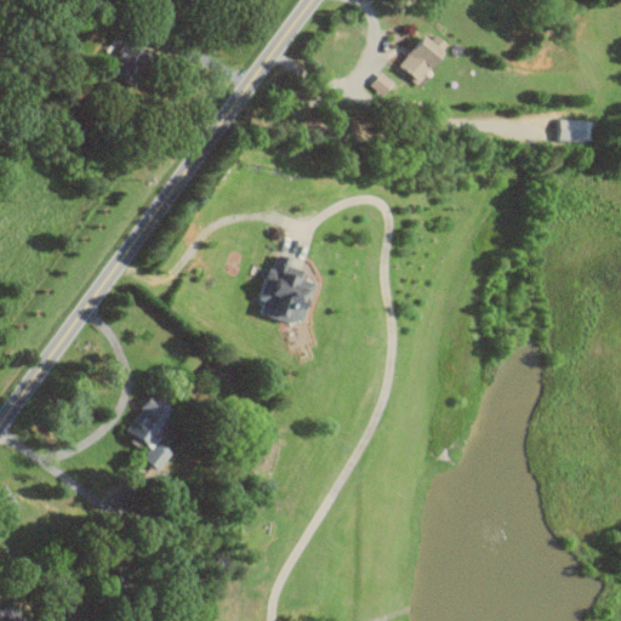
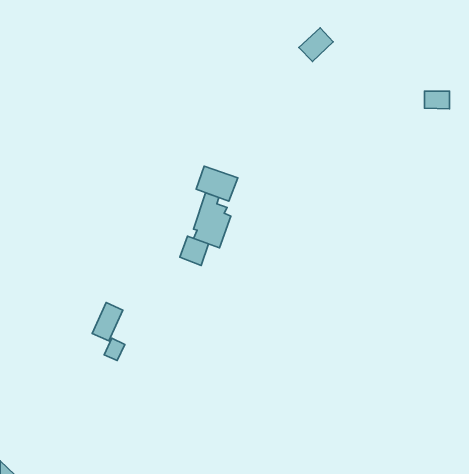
building: none -> [196,166,238,201]
building: none -> [180,236,209,265]

